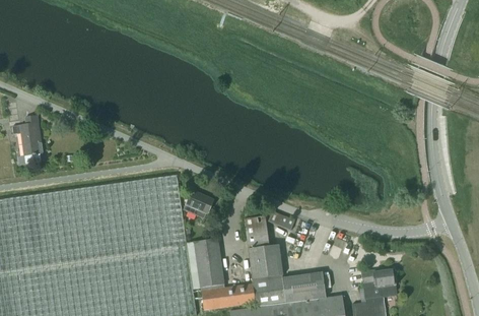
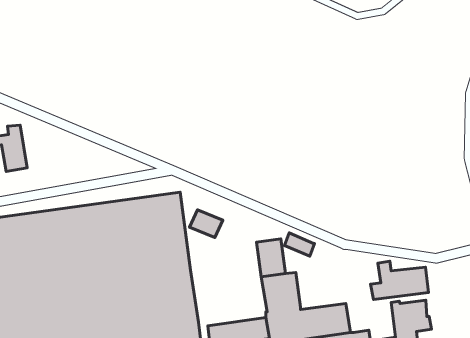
building: none -> [371,261,428,299]
building: [186,238,224,288] -> none

